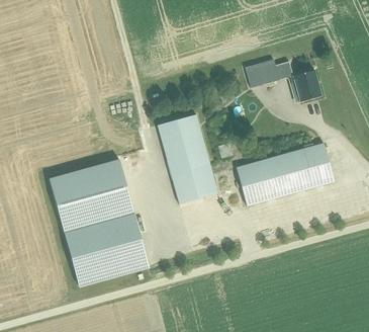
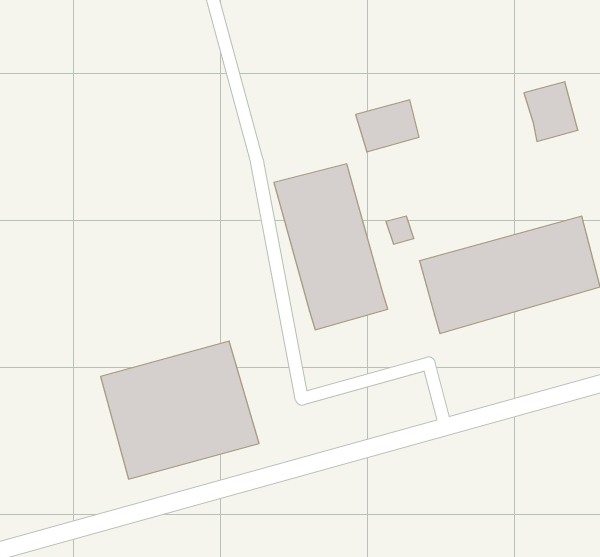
building: [245,59,279,87] -> [356,100,419,152]
building: [49,159,132,230] -> none

